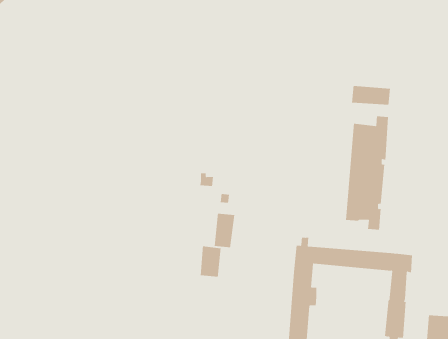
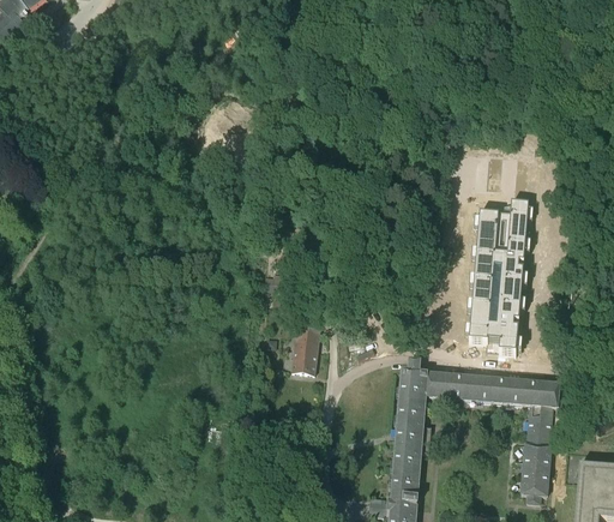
building: [351,85,390,105] -> none
building: [200,246,221,278] -> none

